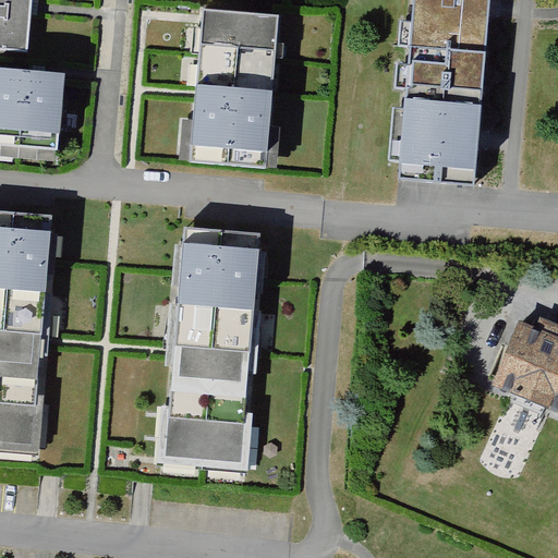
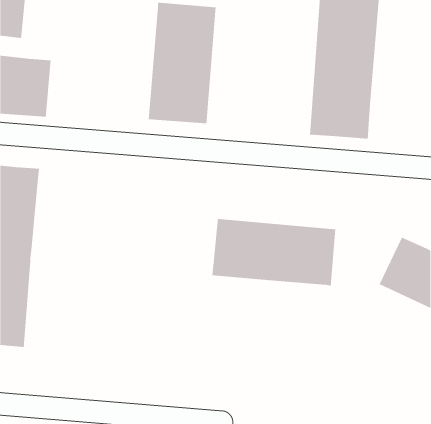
building: [163,230,262,468] -> none
building: none -> [212,218,336,287]

